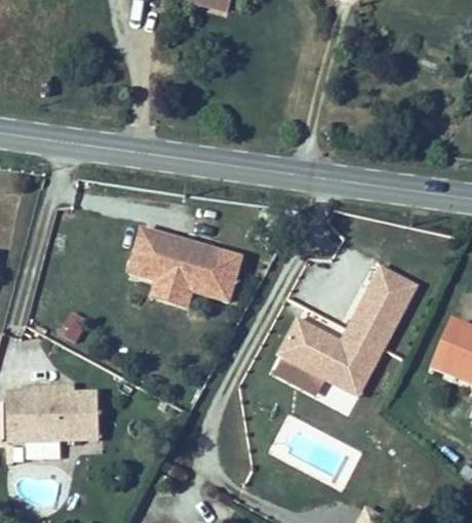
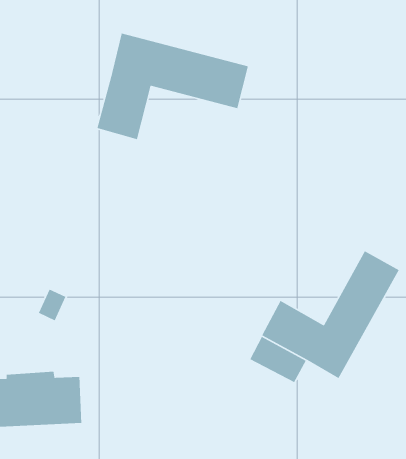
building: none -> [97,32,249,140]
building: [124,219,243,304] -> none

